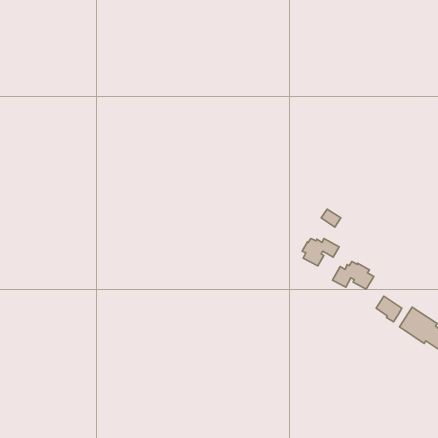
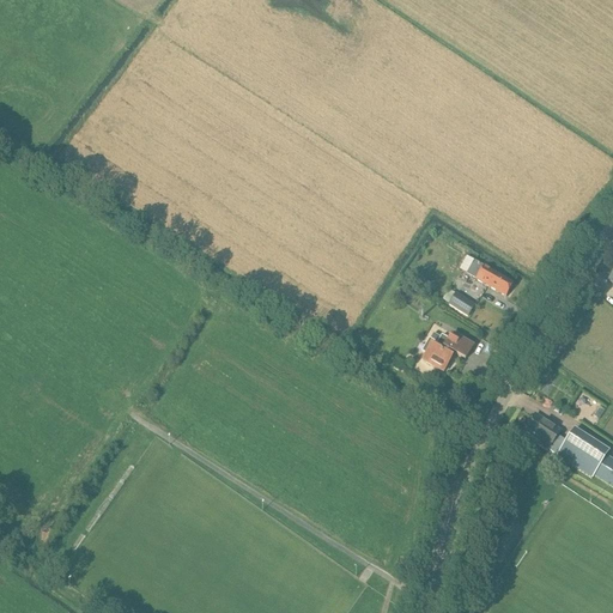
building: none -> [467,259,515,295]
building: [333,261,374,289] -> none

